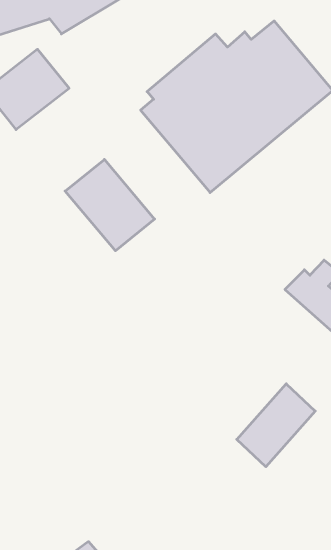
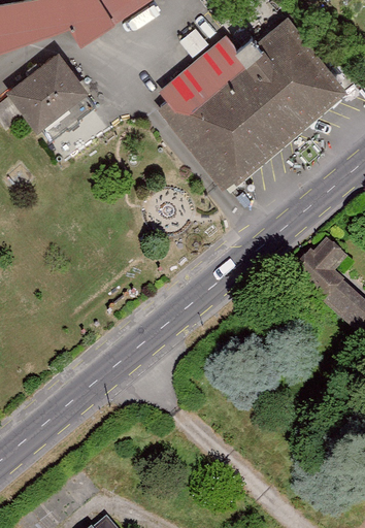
building: [65,159,155,251] -> none
building: [237,384,315,467] -> none

